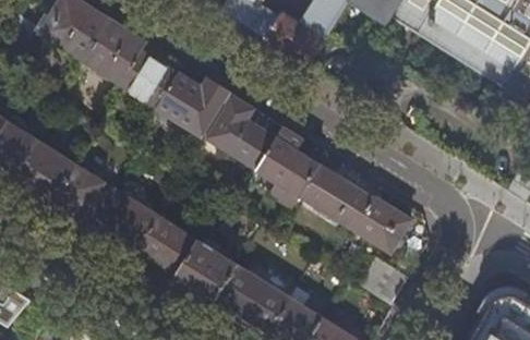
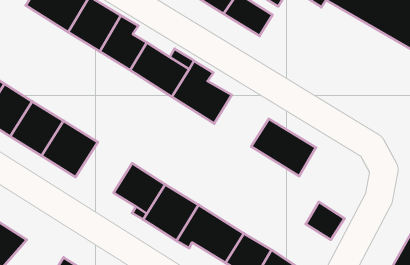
building: [255,134,320,195] -> none
building: [92,190,158,250] -> none
building: [356,195,412,252] -> none

